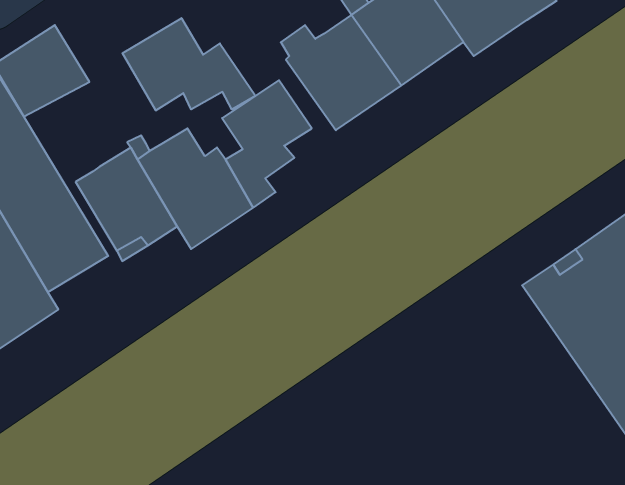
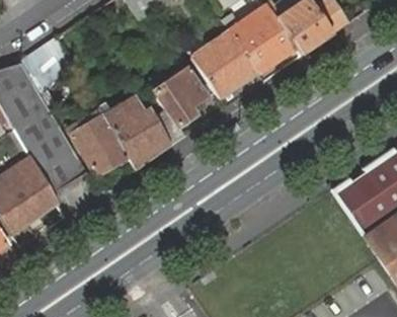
building: [122,18,256,111] -> none

